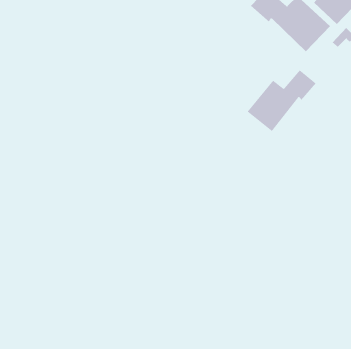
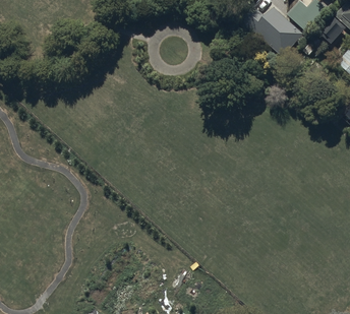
building: [247,70,317,132] -> none

